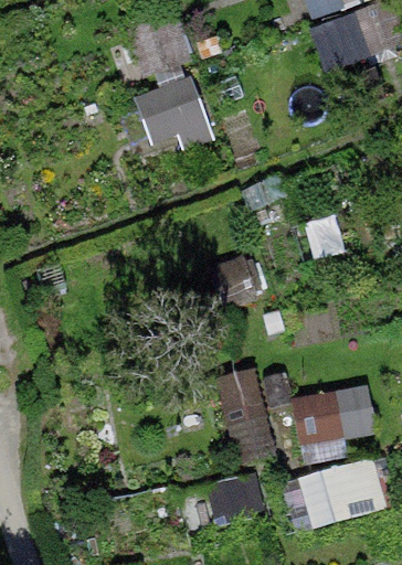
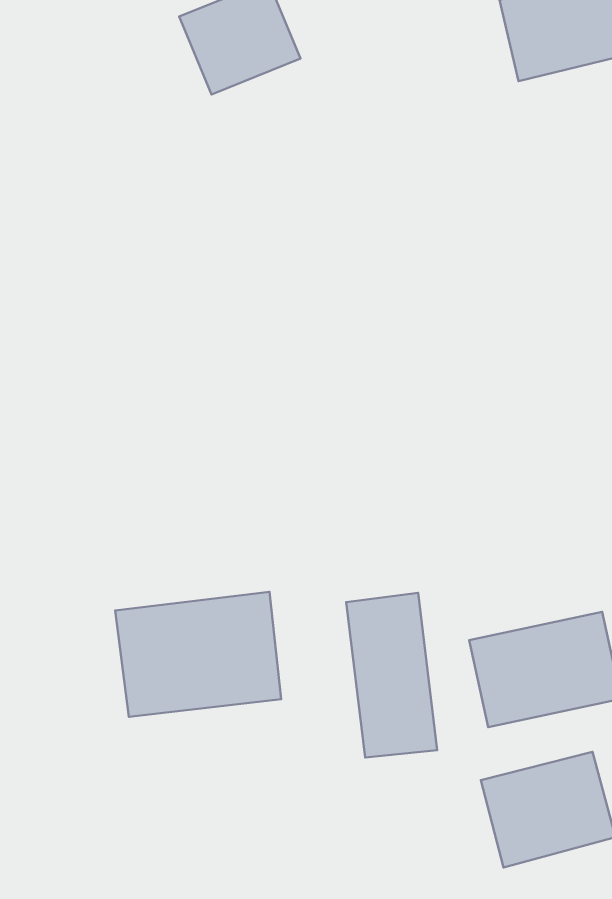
building: [131,74,211,151] -> none
building: none -> [115,592,281,717]

